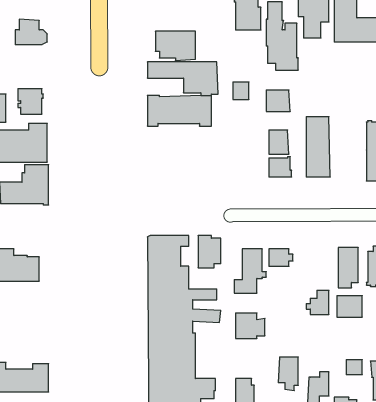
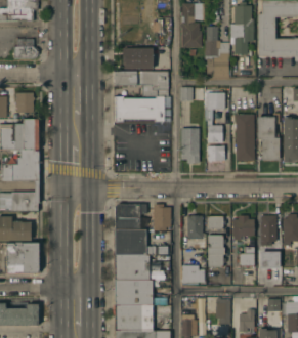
building: none -> [257,116,280,160]
building: none -> [181,127,200,162]
building: none -> [12,181,39,211]
building: none -> [233,214,255,240]
building: none -> [208,235,226,266]
building: none -> [6,243,39,273]

